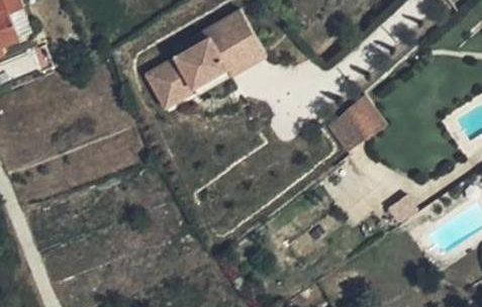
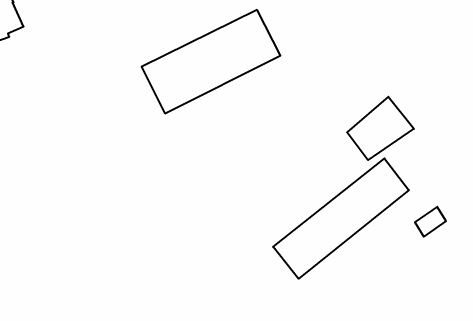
building: none -> [273,158,409,279]

